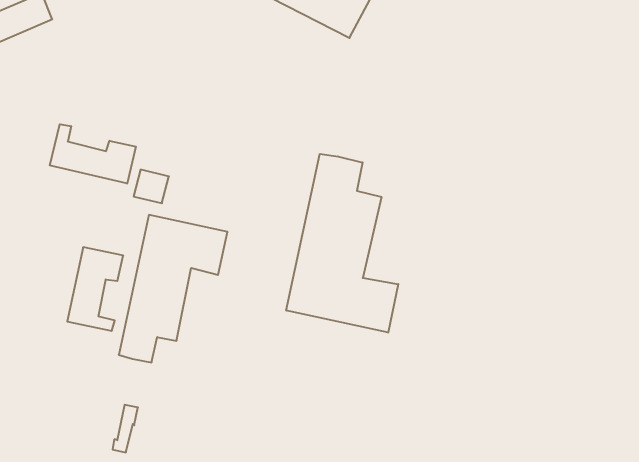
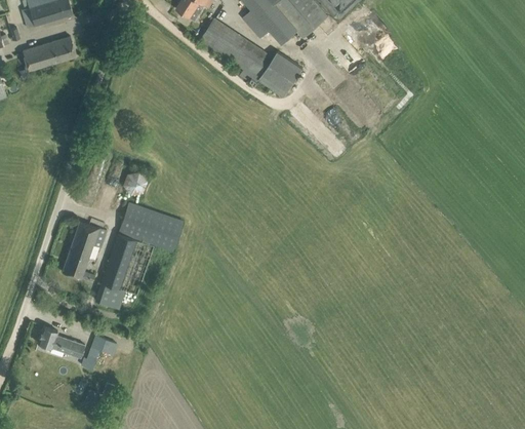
building: [50,124,136,184] -> none
building: [286,154,398,333] -> none
building: none -> [37,326,85,357]

